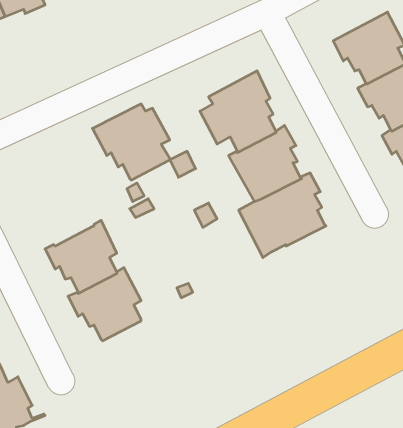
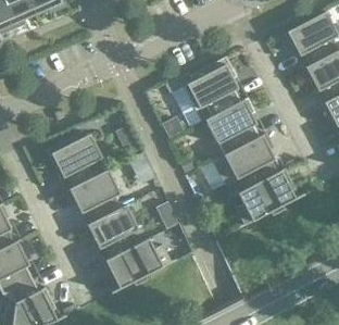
building: [92,104,170,180] -> [43,129,102,187]
building: none -> [235,167,303,226]
building: none -> [101,237,175,292]

